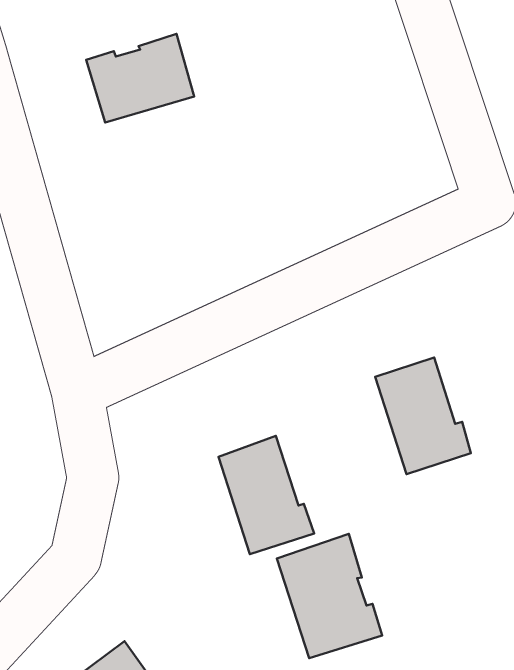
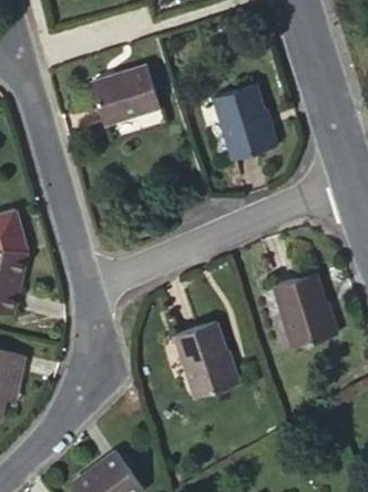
building: none -> [215,83,278,160]
building: [277,534,382,658] -> none

